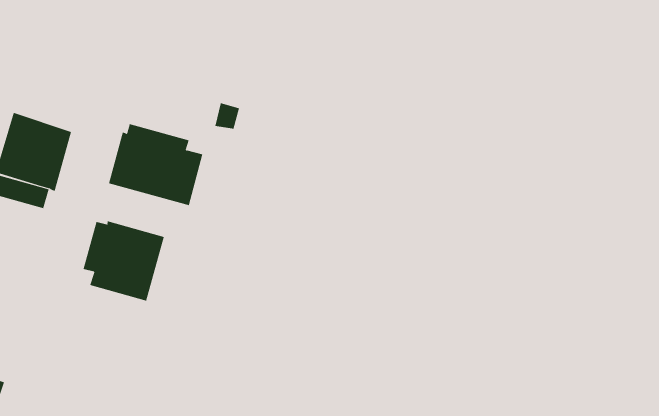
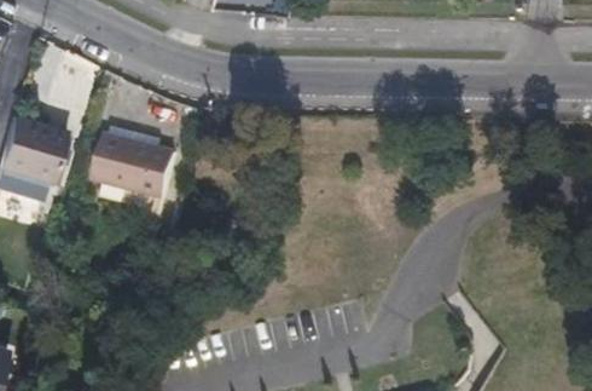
building: [83,220,165,302] -> none

